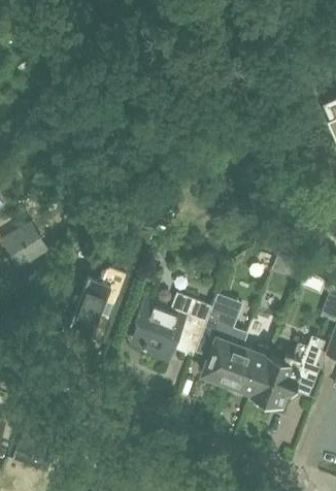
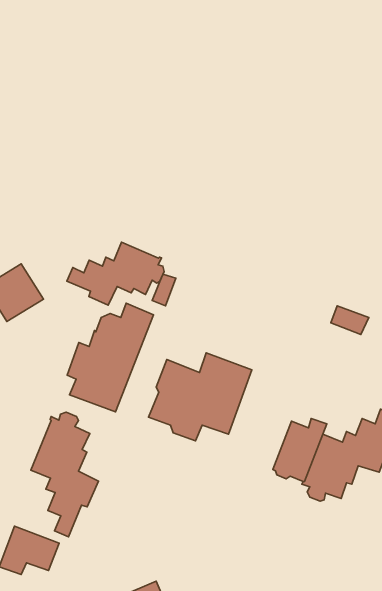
building: none -> [67,242,164,305]
building: [195,295,246,386] -> none
building: none -> [31,412,98,537]

